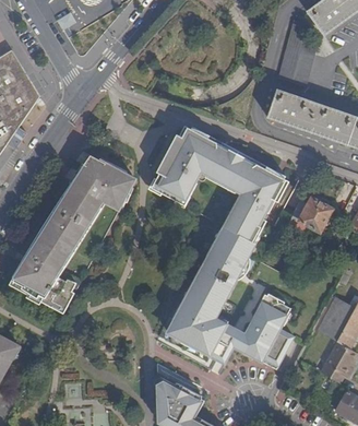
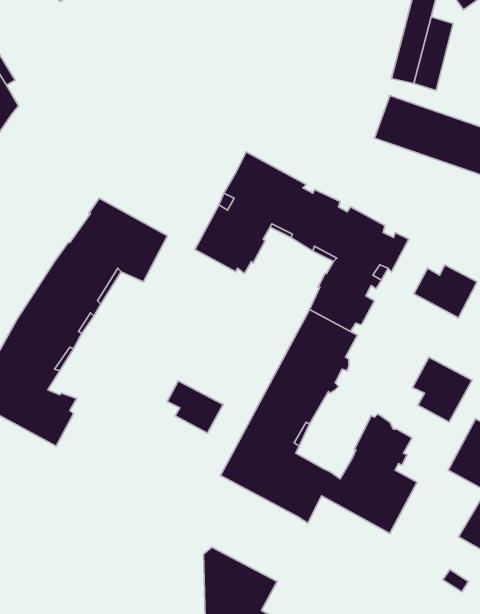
building: none -> [413,357,472,422]
building: none -> [167,381,223,433]

